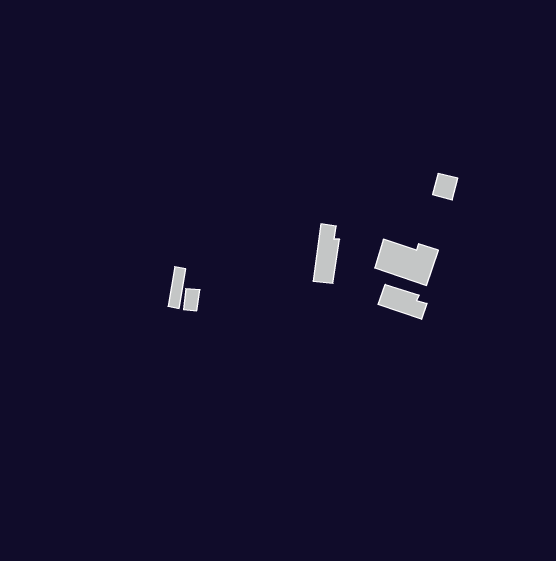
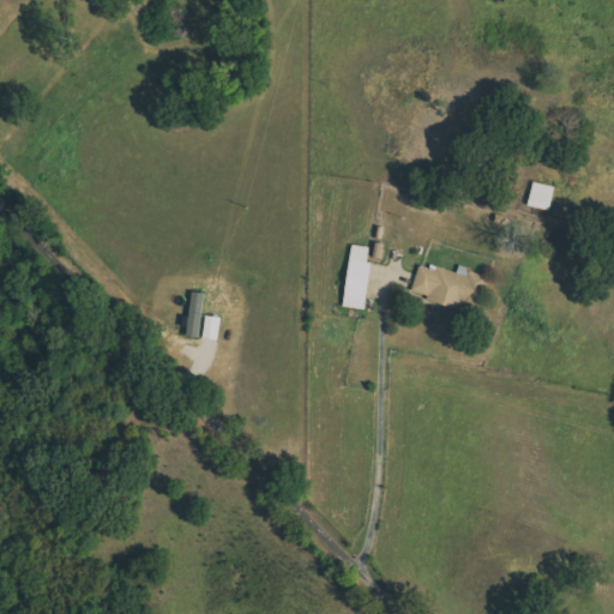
building: [433,174,458,200] -> [525,182,553,211]
building: [378,284,427,319] -> none

